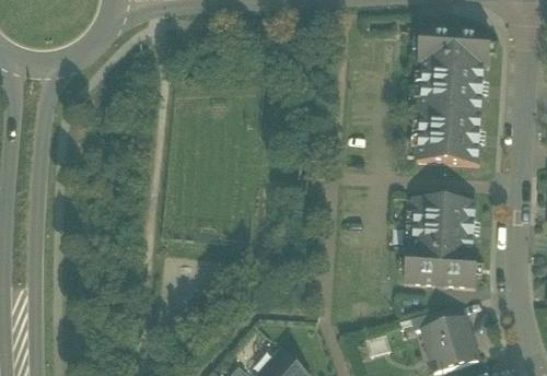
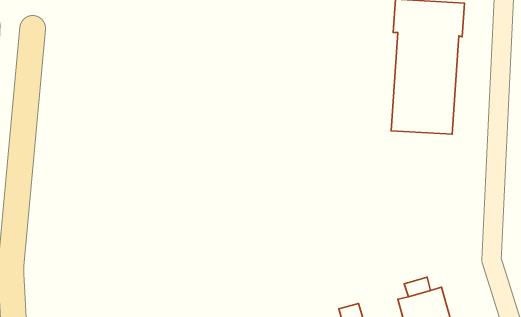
building: [406,199,477,285] -> none

